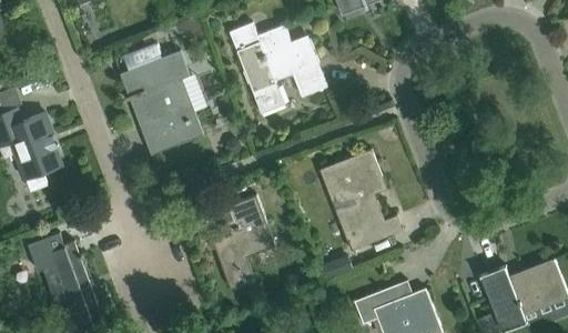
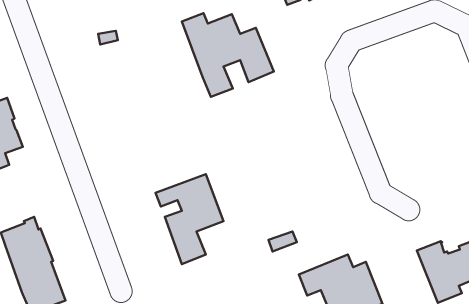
building: [121,50,204,153] -> none
building: [320,149,403,250] -> none

